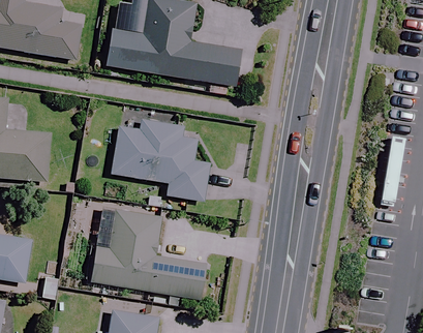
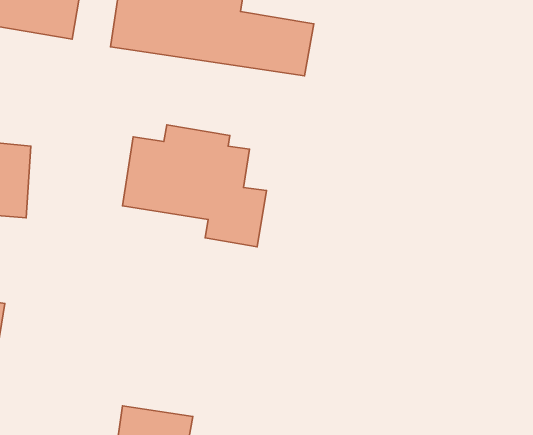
building: [87,208,206,301] -> none

